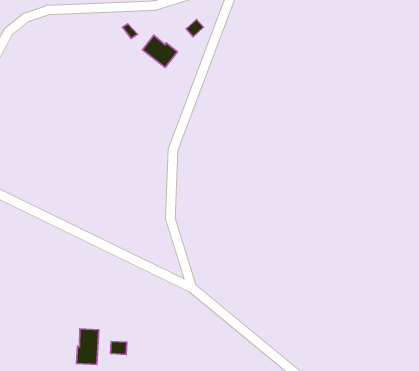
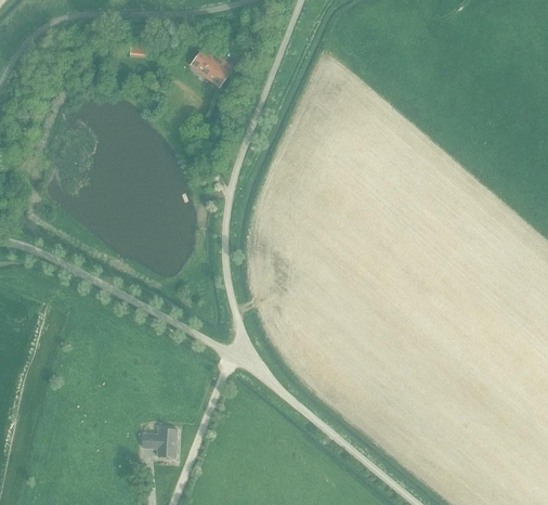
building: [77,329,99,365] -> none

